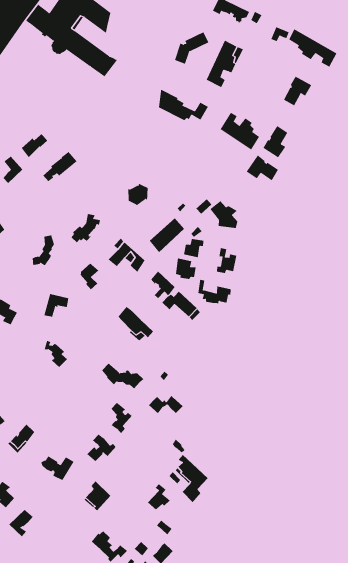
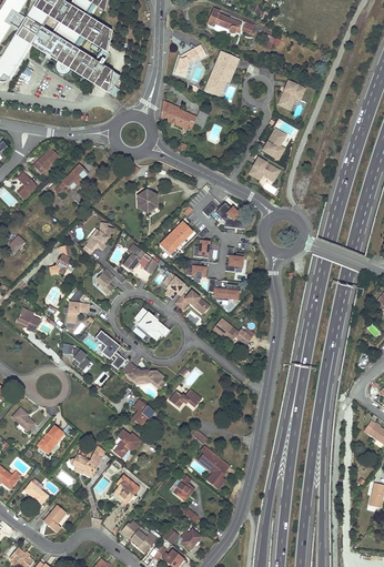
building: [288,28,337,68] -> none
building: [220,112,260,150] -> none
building: none -> [213,317,252,344]
building: none -> [94,330,124,368]

